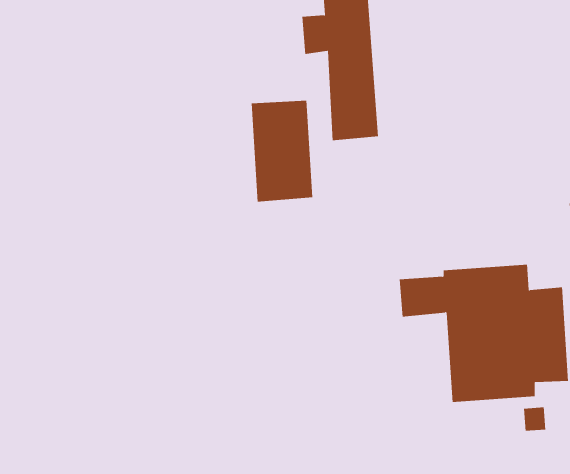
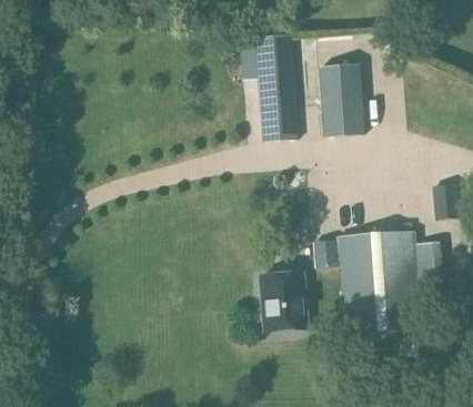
building: [251,100,313,202] -> [318,63,363,138]
building: none -> [260,265,308,325]

